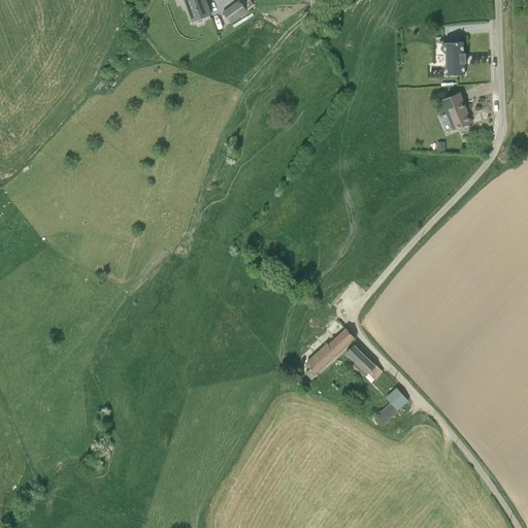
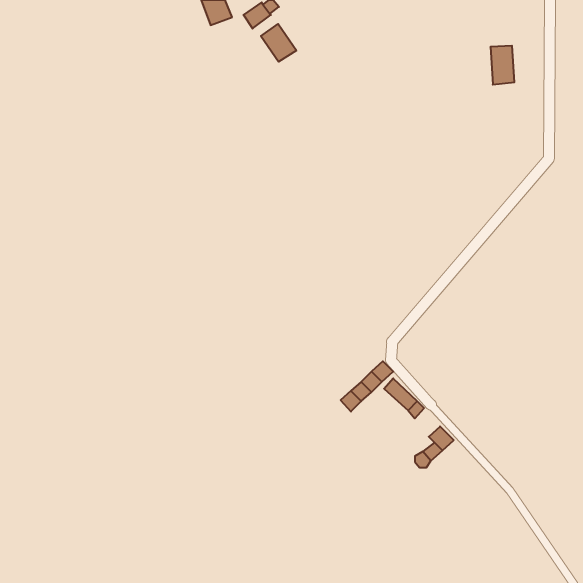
building: none -> [261,24,296,62]
building: [440,94,472,131] -> none

